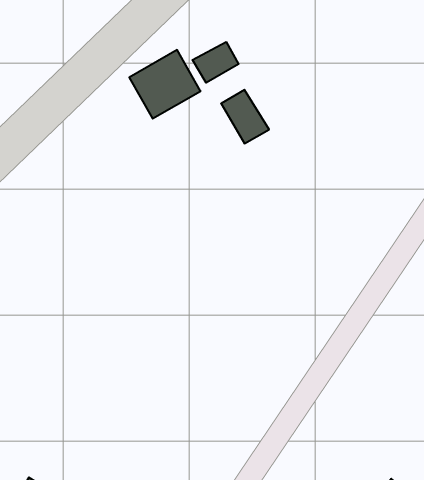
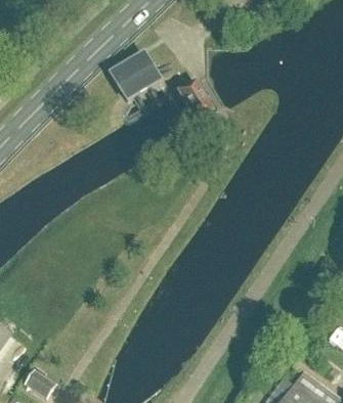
building: [192,42,239,83] -> none

